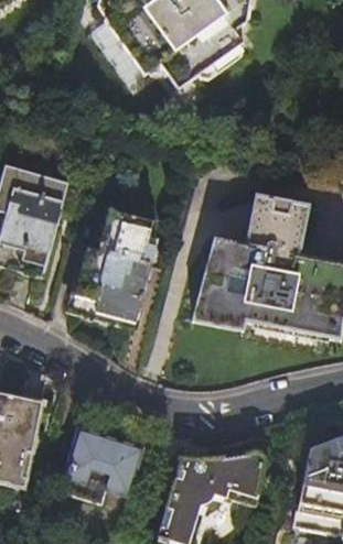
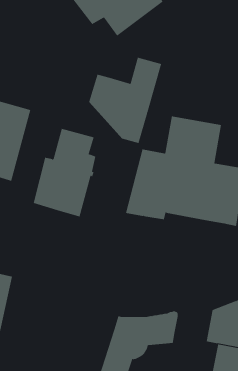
building: none -> [89,57,162,144]
building: [65,426,141,493] -> none

